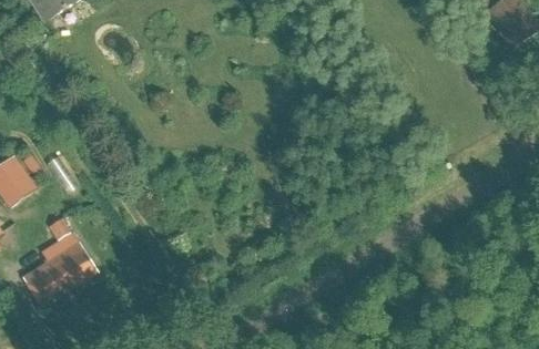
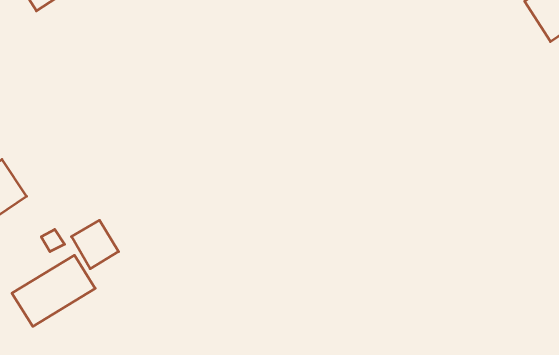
building: none -> [71,220,119,269]

